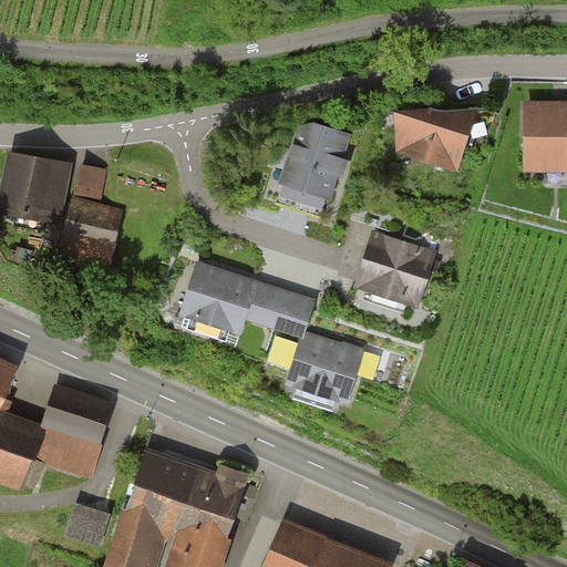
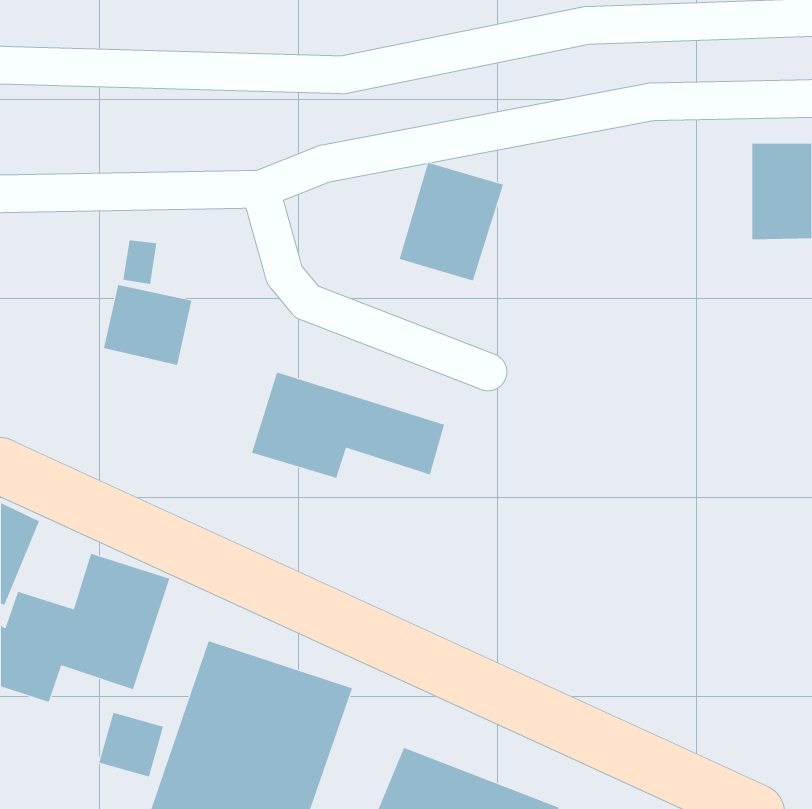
building: [395,97,475,171] -> none
building: [10,151,83,219] -> none
building: [352,234,431,312] -> none
building: [282,333,359,402] -> none

